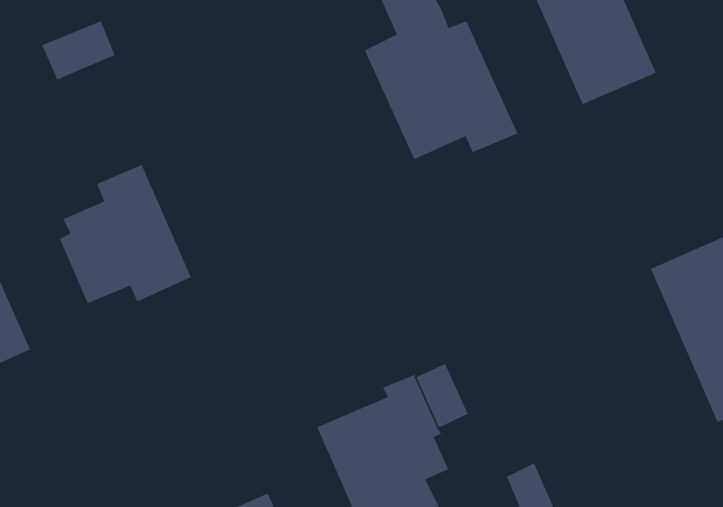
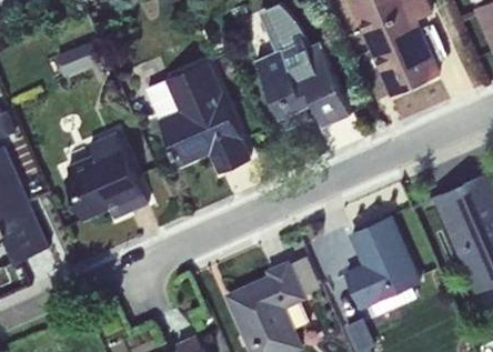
building: none -> [147,61,250,172]
building: none -> [343,218,420,316]

